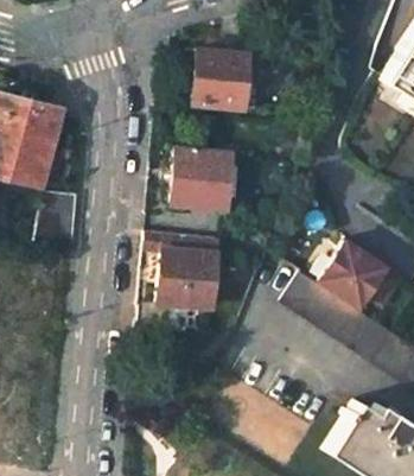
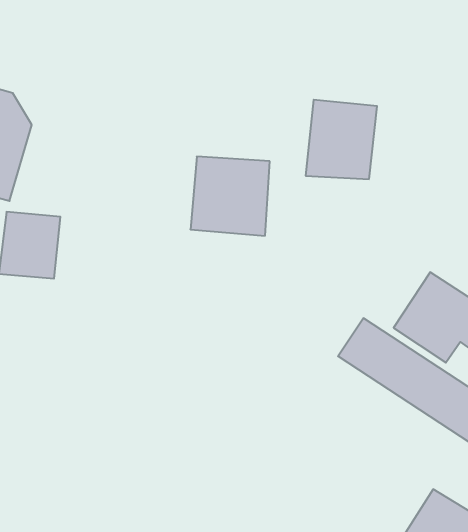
building: [193,46,247,106] -> [306,100,377,179]
building: [145,233,221,338] -> none

